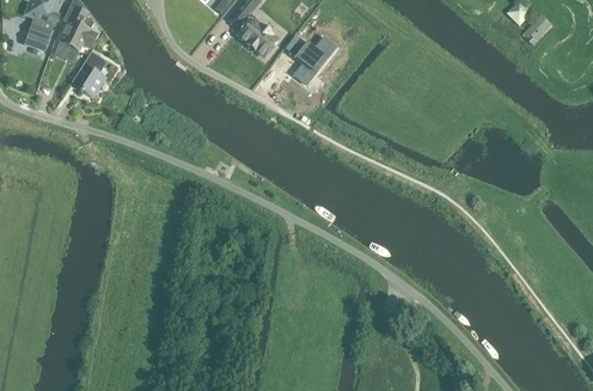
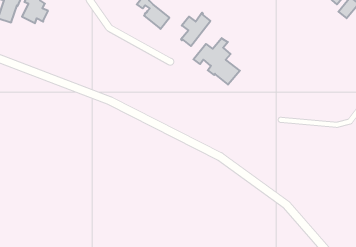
building: [79,51,106,98] -> none
building: none -> [193,38,240,85]

